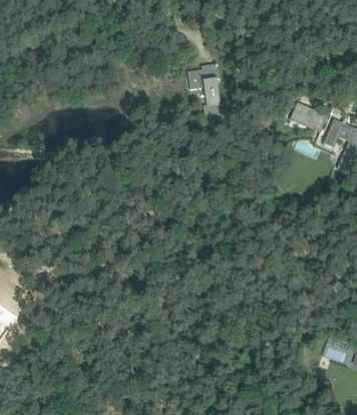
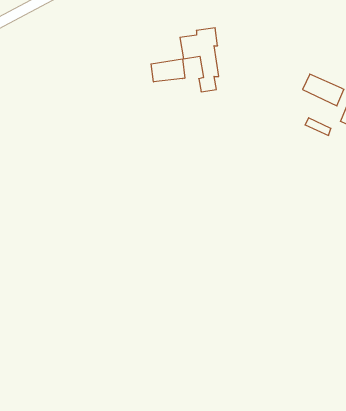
building: none -> [151,59,185,82]

